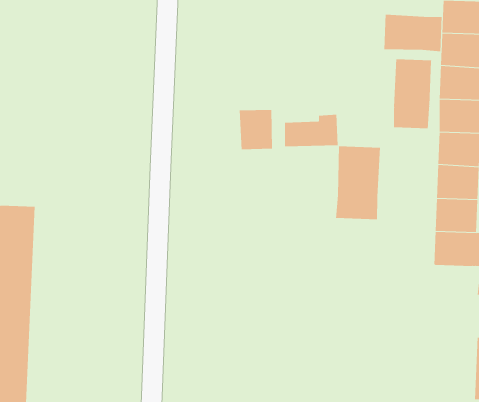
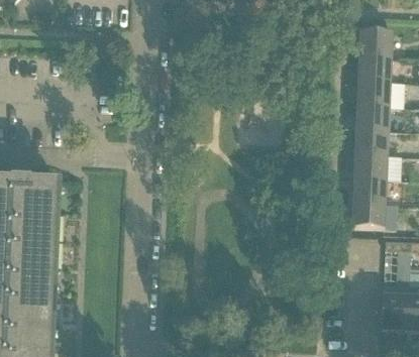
building: [384,14,442,52] -> none
building: [394,58,432,129] -> none
building: [239,109,272,150] -> none
building: [335,145,381,220] -> none

